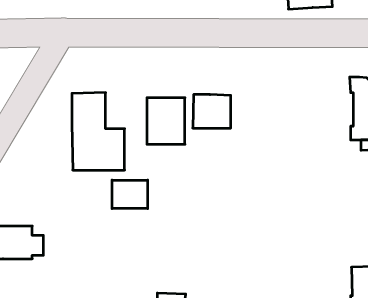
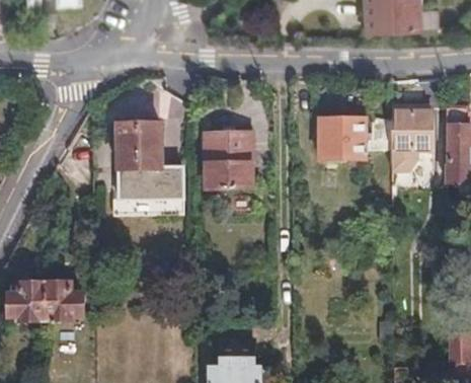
building: none -> [391,105,430,171]
building: [193,95,231,128] -> [319,116,364,155]
building: [112,180,148,209] -> none

